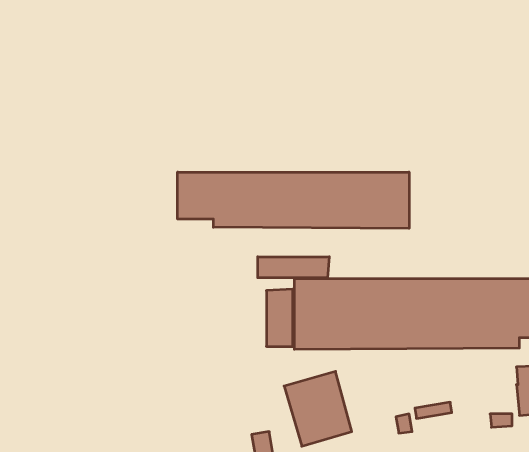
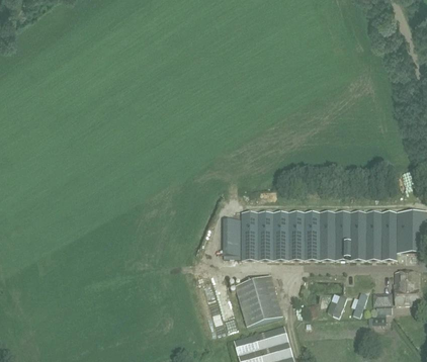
building: [178,172,409,228] -> none
building: [258,257,329,278] -> none

